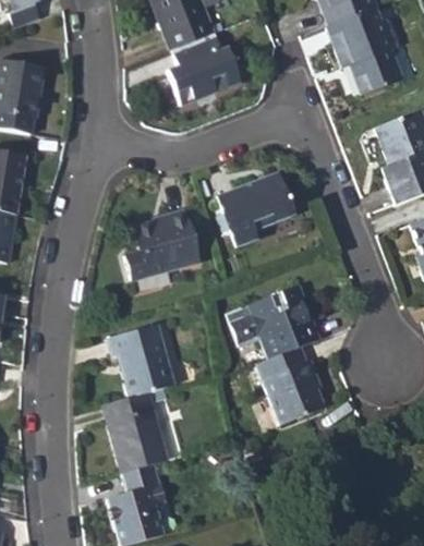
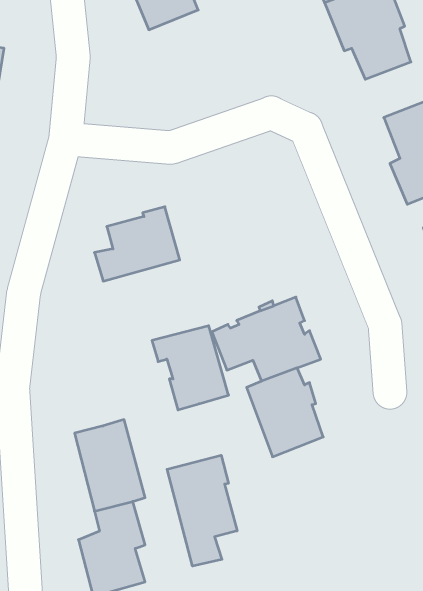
building: [168,33,244,105] -> none
building: [219,174,296,247] -> none
building: [108,325,175,399] -> [152,326,229,410]
building: none -> [167,455,237,566]

